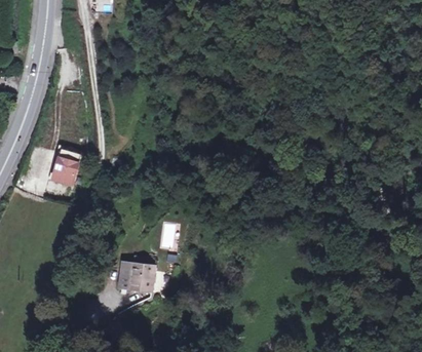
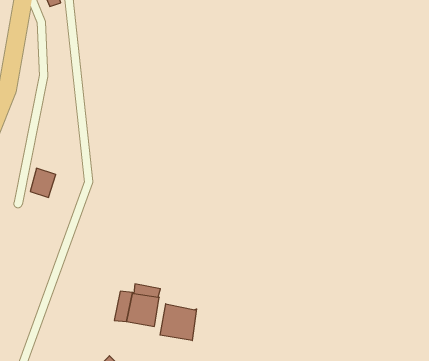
building: none -> [160,304,197,341]

